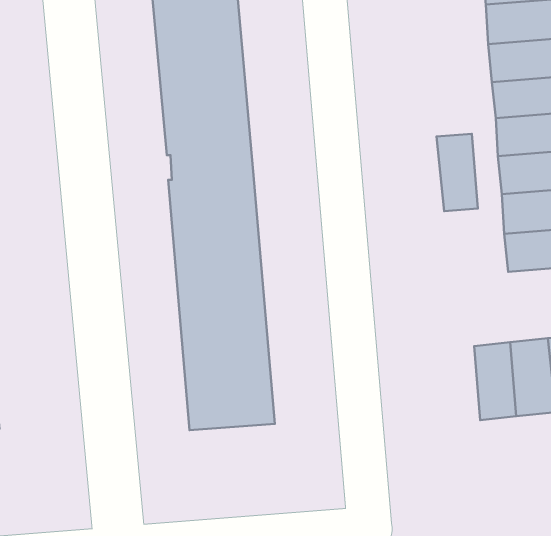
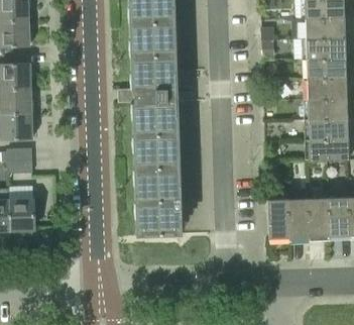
building: [437,134,478,211] -> none
building: none -> [267,199,290,239]

